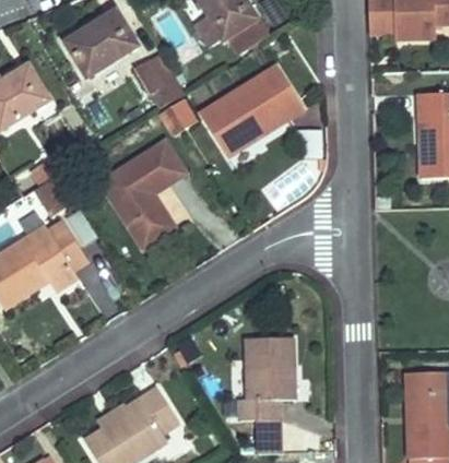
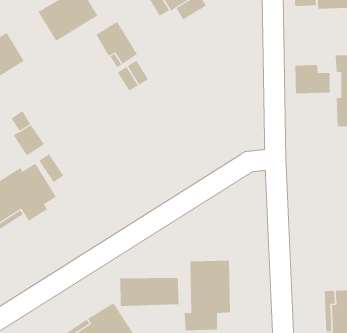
building: [200,66,303,154] -> none
building: none -> [295,64,330,94]
building: [101,141,184,248] -> none
building: none -> [120,277,179,307]

